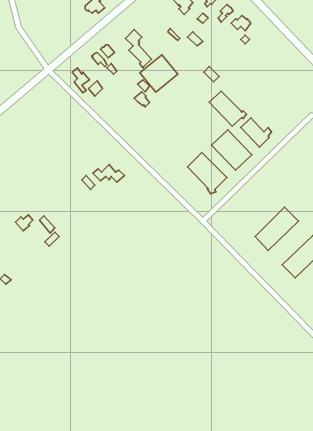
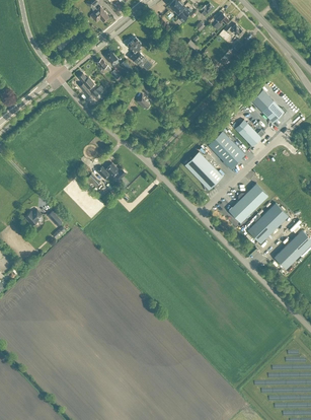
building: [140,55,178,92] -> none
building: [209,91,246,126] -> [251,90,286,123]
building: none -> [228,184,268,223]

